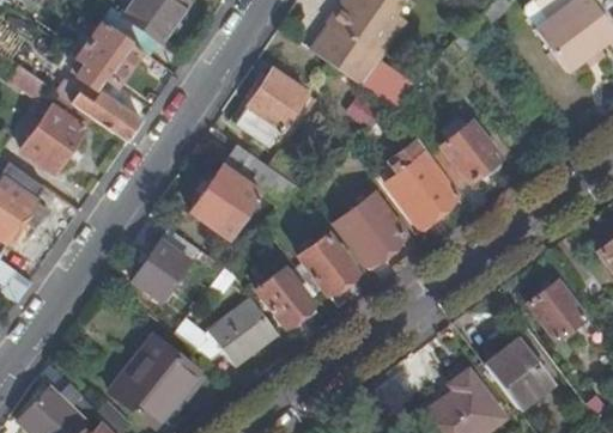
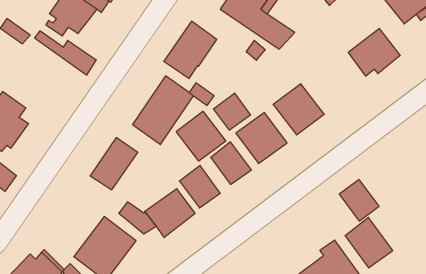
building: [22,106,85,172] -> none
building: [427,121,499,187] -> [348,28,400,76]
building: none -> [213,93,250,130]
building: none -> [176,111,226,161]
building: [528,281,583,339] -> [339,179,379,221]

